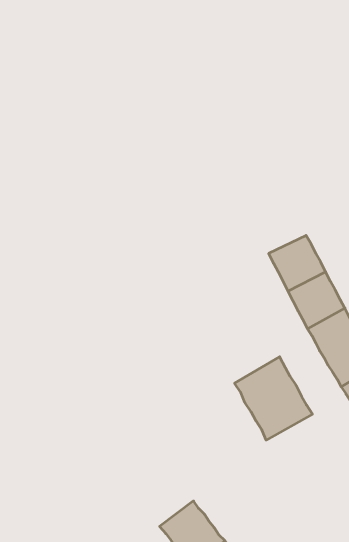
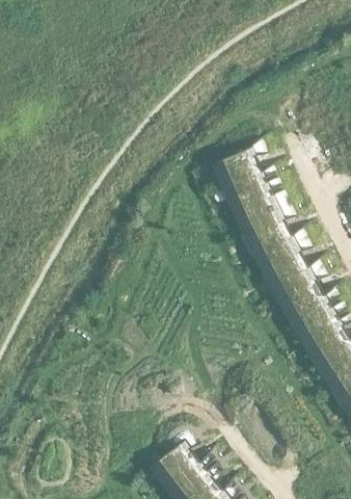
building: none -> [222,150,285,231]
building: [235,357,312,440] -> none

